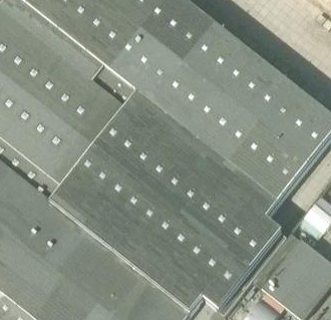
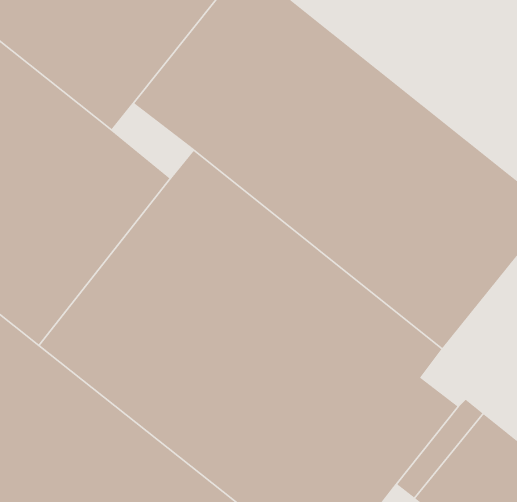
building: [91,64,137,106] -> none

